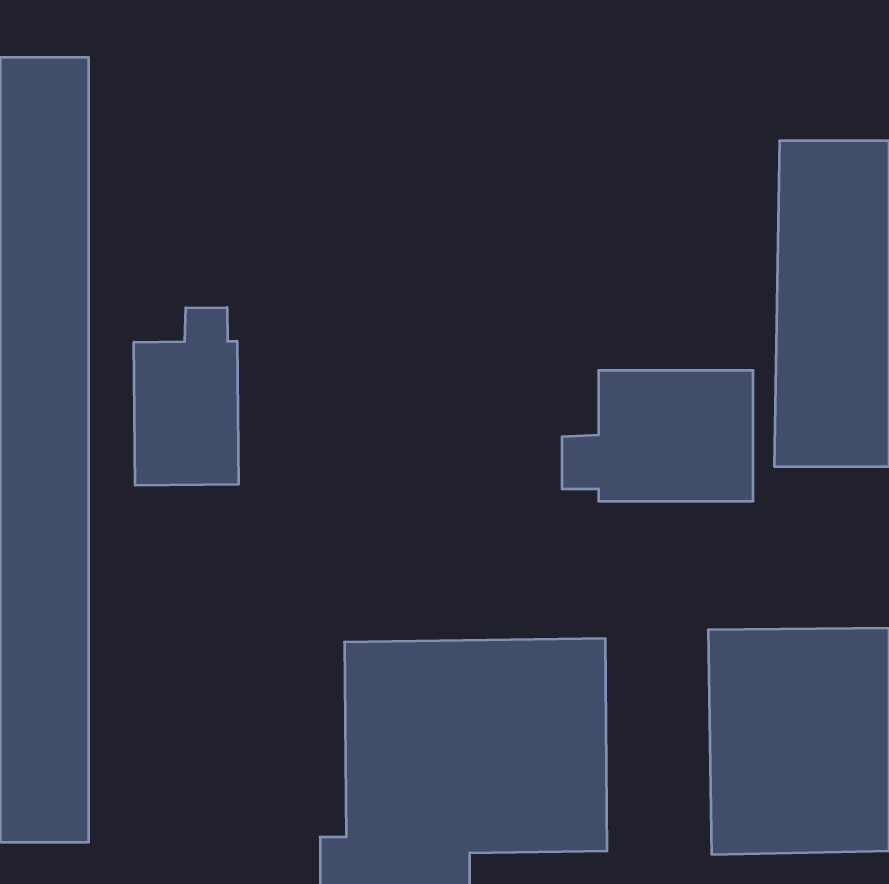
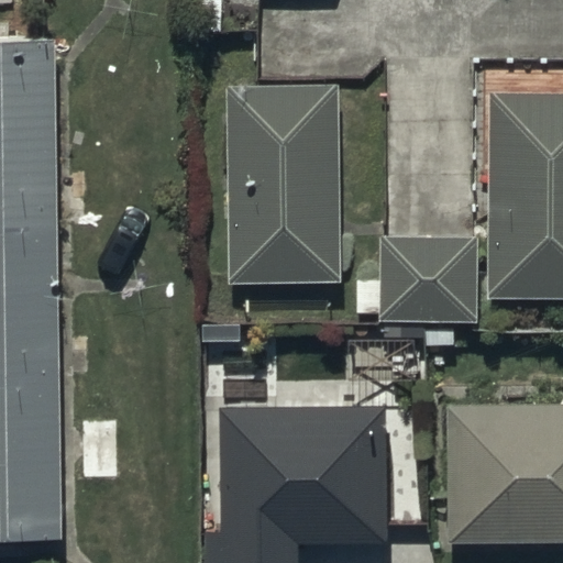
building: none -> [224,87,341,284]
building: [134,307,238,485] -> none

